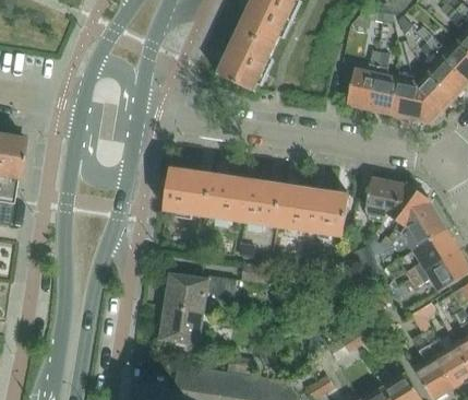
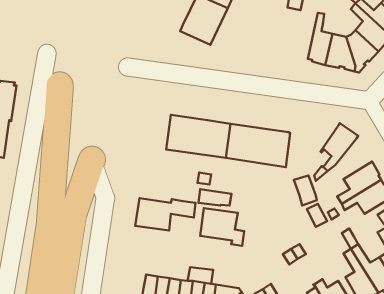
building: [344,50,382,108] -> none
building: [166,169,207,215] -> none
building: [367,178,406,217] -> none
building: [403,202,446,250] -> none
building: [160,306,213,351] -> [200,208,244,246]

